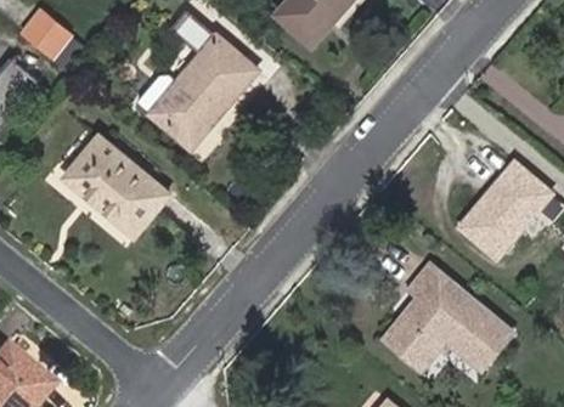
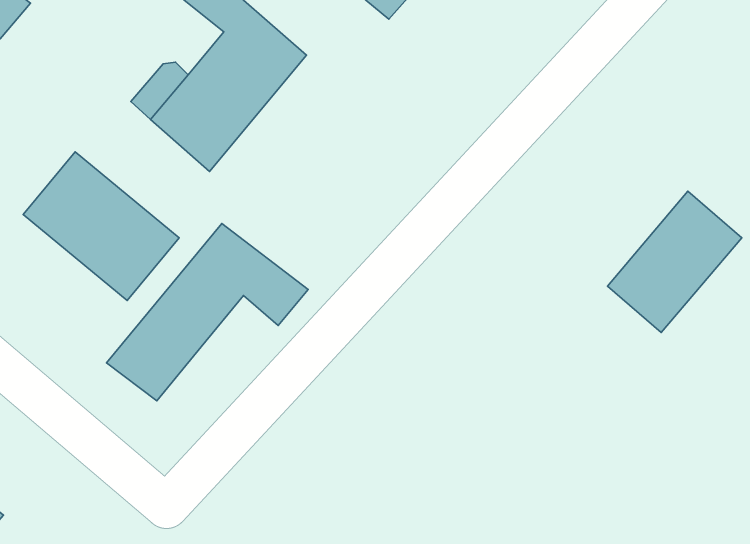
building: none -> [107,224,308,401]
building: [383,264,513,371] -> none

